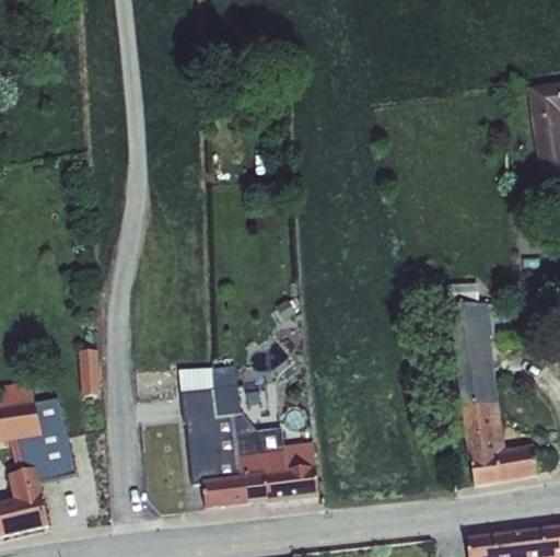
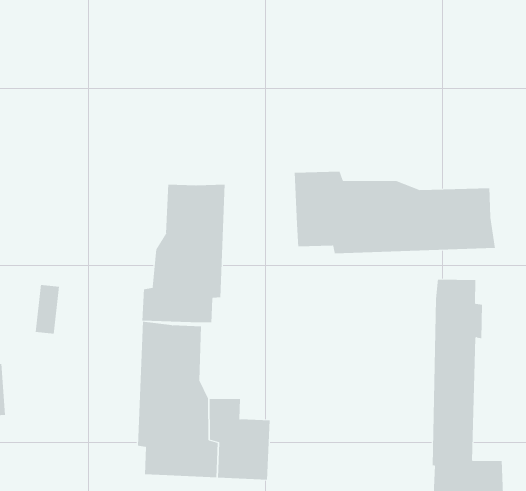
building: none -> [294,171,495,254]
building: none -> [142,184,225,323]

